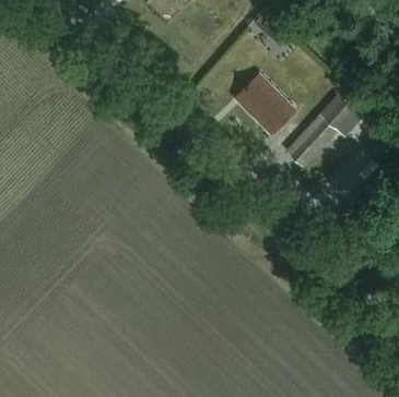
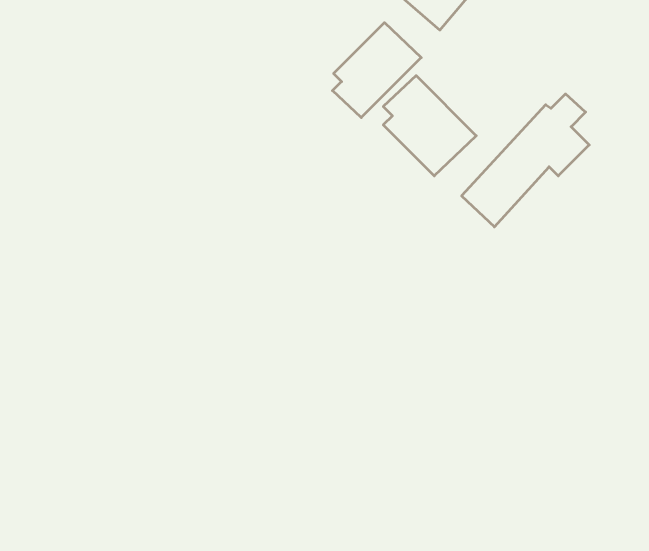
building: none -> [332,23,421,118]

